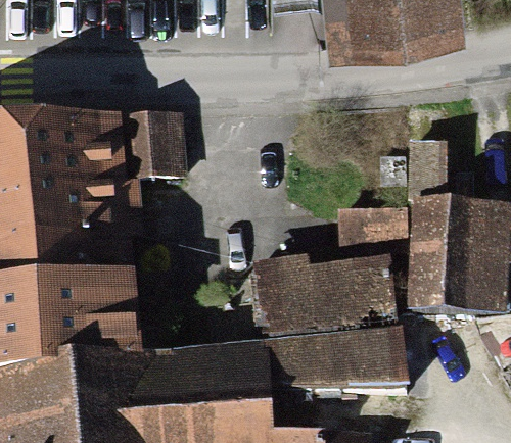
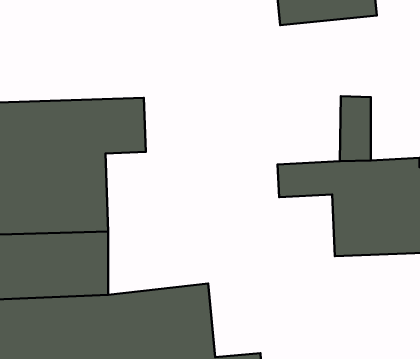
building: [251,264,391,393] -> none

